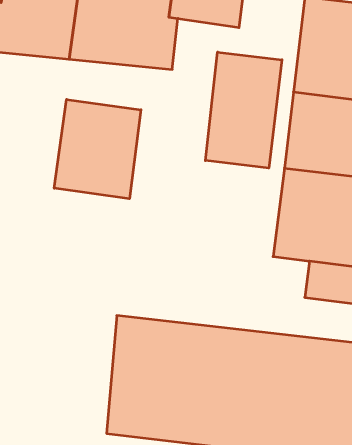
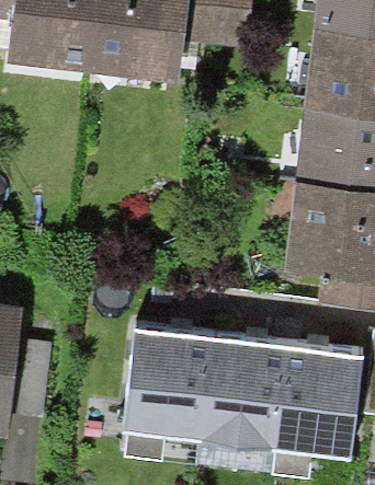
building: [205,52,282,168] -> none
building: [54,99,141,199] -> none

